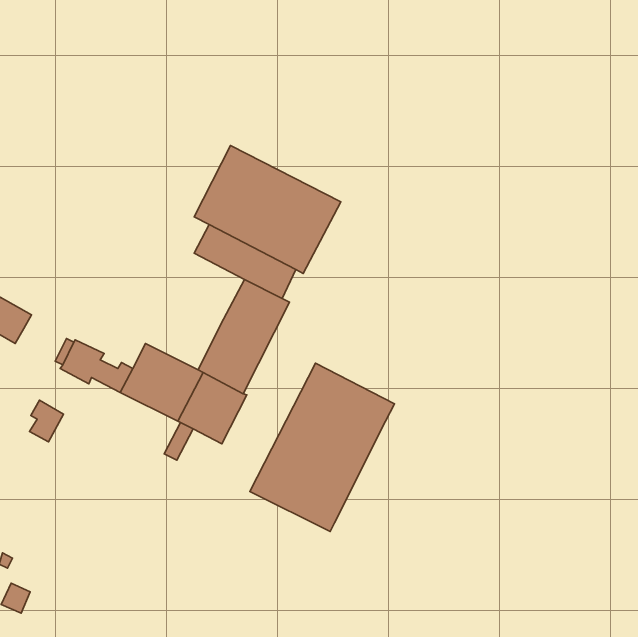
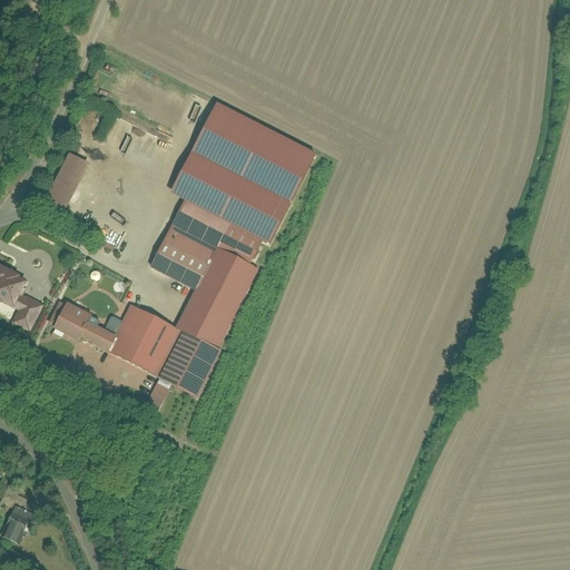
building: none -> [205,104,316,179]
building: none -> [45,151,89,210]
building: none -> [151,225,217,288]
building: [250,363,395,531] -> none
building: [30,400,63,442] -> [12,292,42,328]

